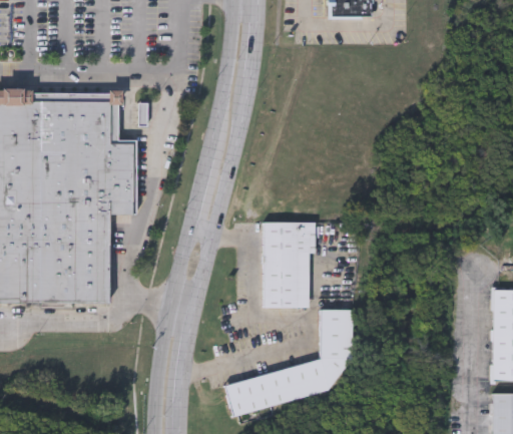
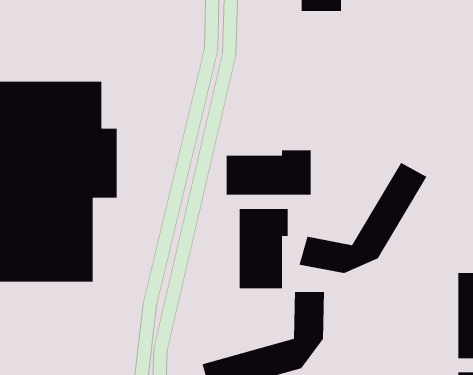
building: none -> [226,149,311,195]
building: none -> [299,162,428,274]

